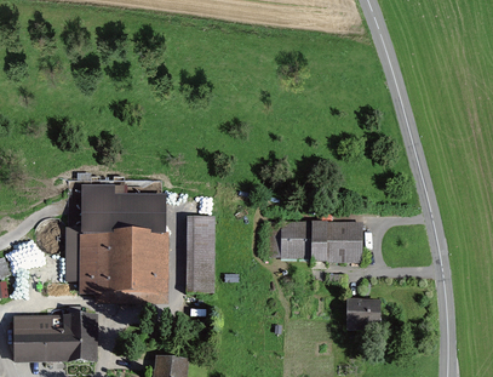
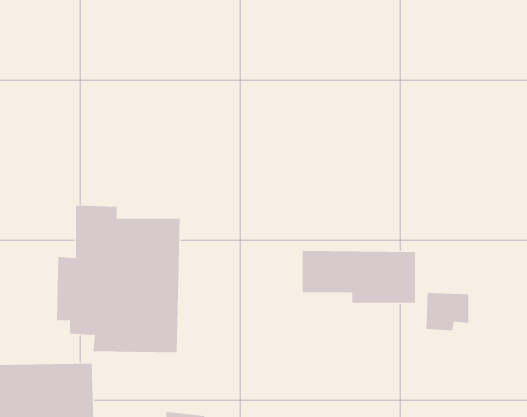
building: [187,215,213,291] -> none
building: [345,298,382,330] -> [425,293,469,331]

